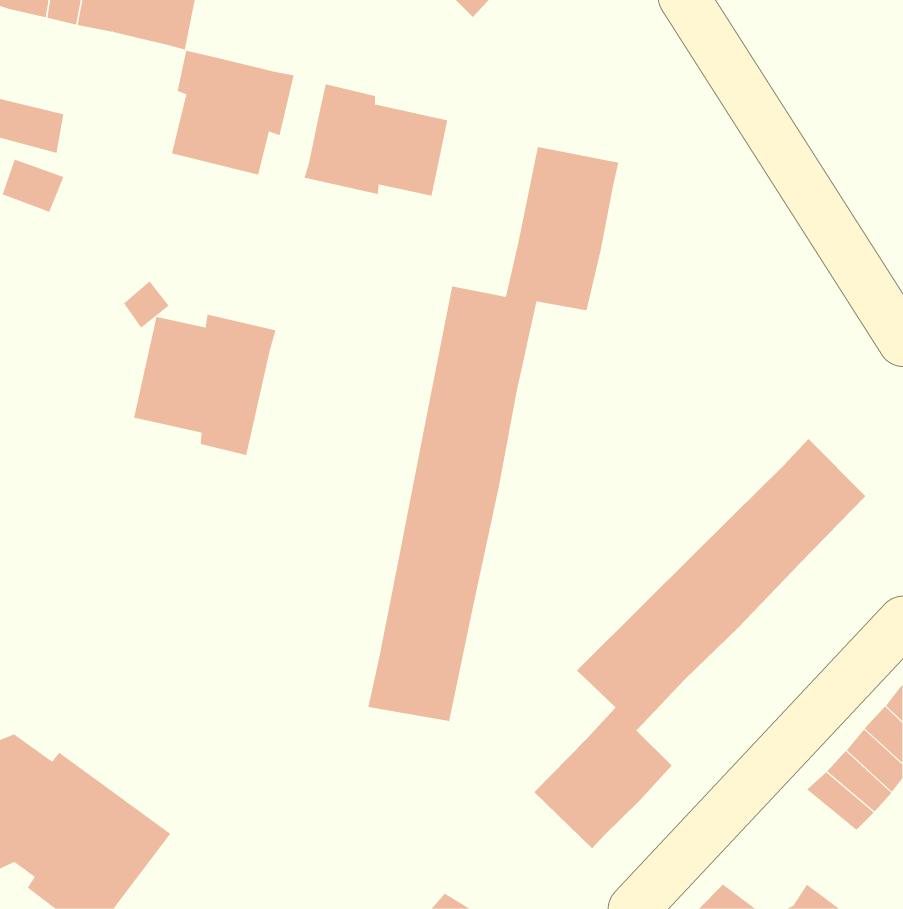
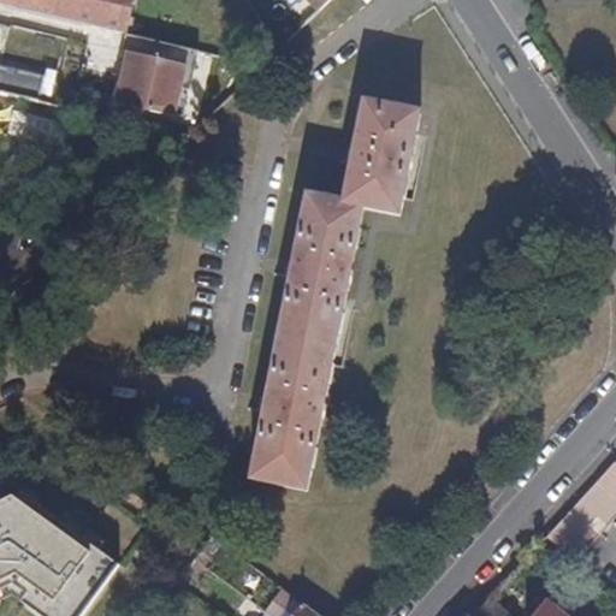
building: [304,84,448,196] -> none
building: [134,314,276,456] -> none
building: [533,438,866,849] -> none

